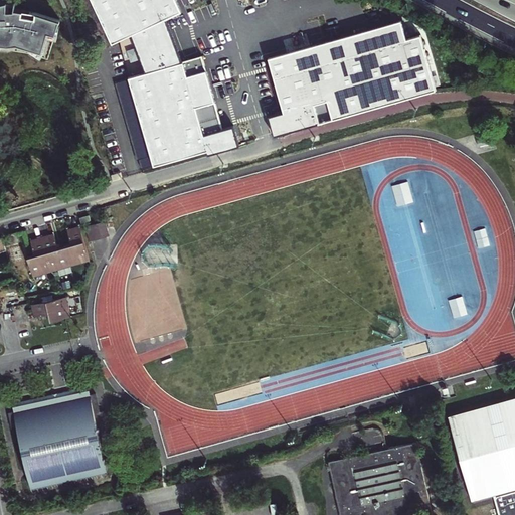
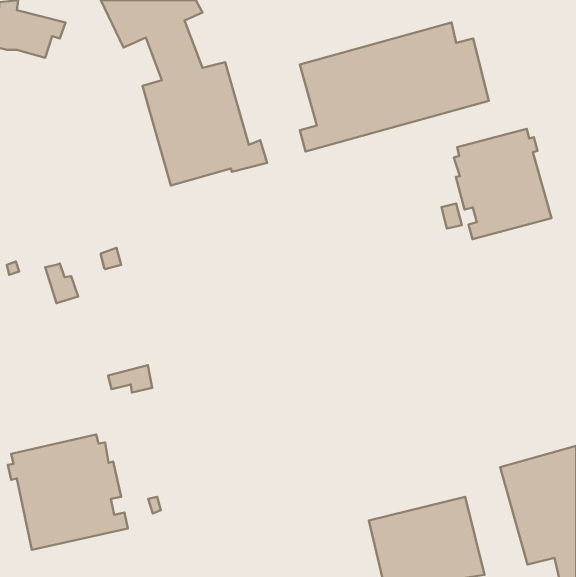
building: none -> [454,129,551,239]
building: [63,228,89,265] -> none
building: [26,238,50,276] -> none
building: [30,297,69,321] -> [108,365,152,392]

